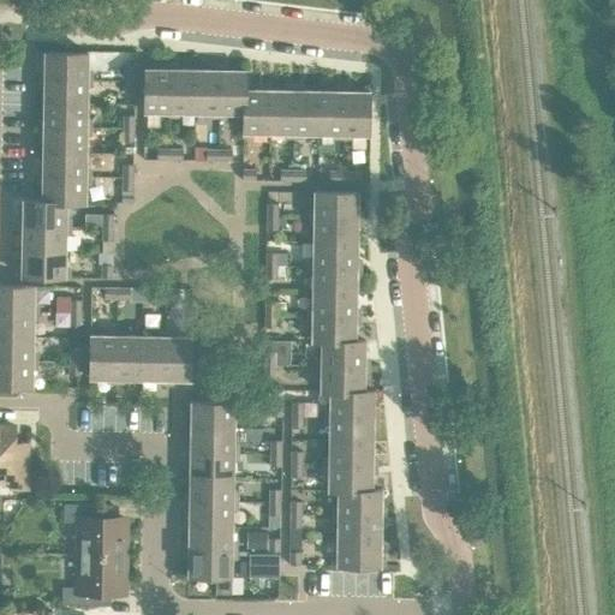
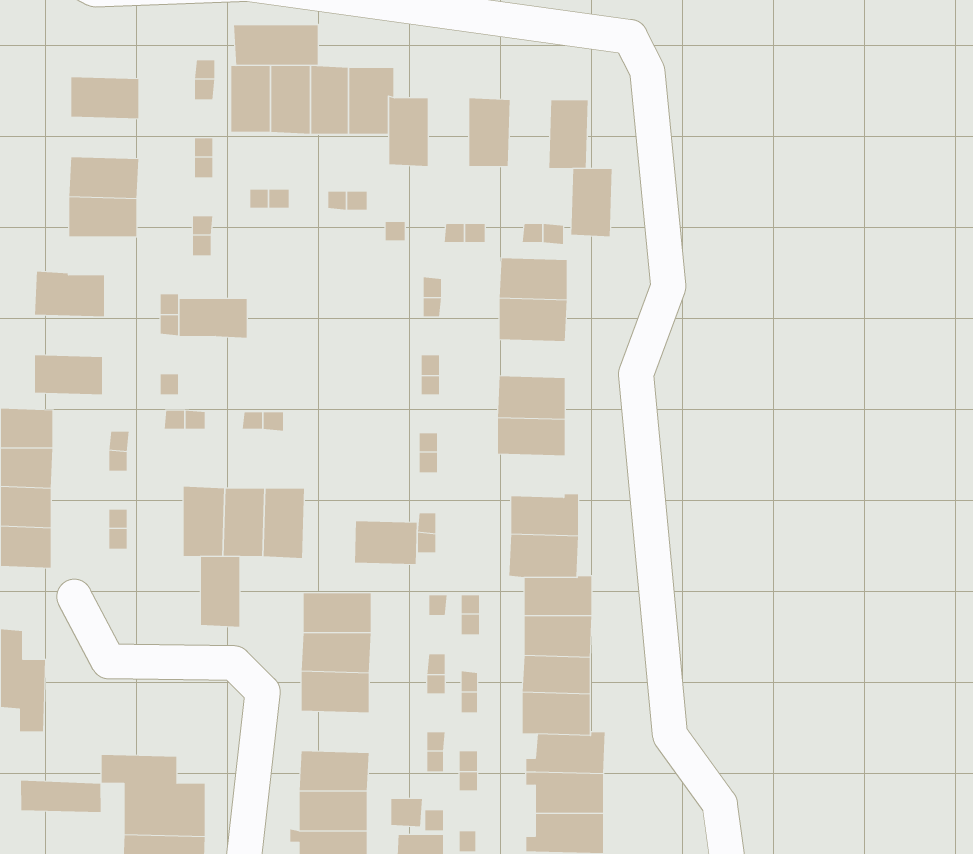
building: none -> [233,24,318,66]
building: [44,53,89,79] -> none
building: [270,91,295,135] -> none
building: [321,92,347,136] -> [571,168,613,237]
building: [44,103,88,130] -> none
building: [43,179,86,204] -> [179,298,248,338]
building: [22,228,66,255] -> none
building: [315,244,357,268] -> none
building: [314,316,357,344] -> none
building: [90,336,115,381] -> [200,557,240,627]
building: none -> [355,520,417,565]
building: [190,478,233,504] -> none
building: none -> [21,780,101,813]

